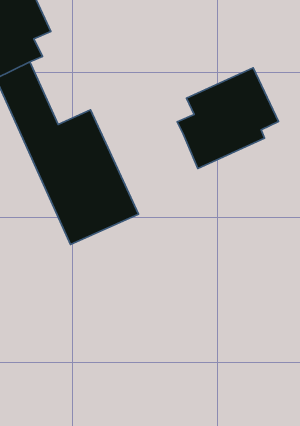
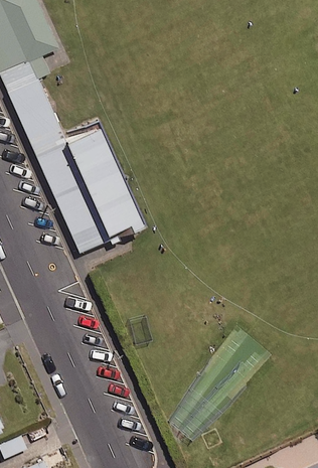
building: [177,68,279,168] -> none

